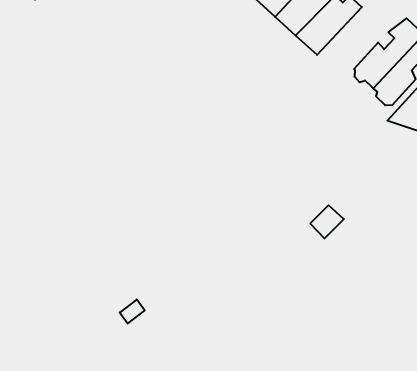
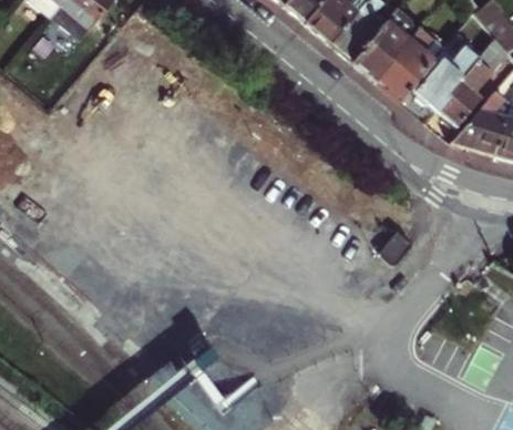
building: none -> [377,27,438,99]

